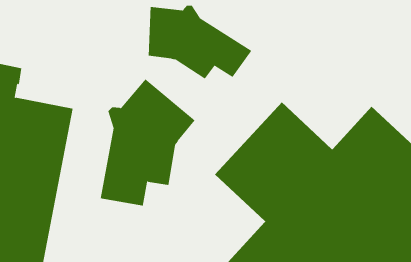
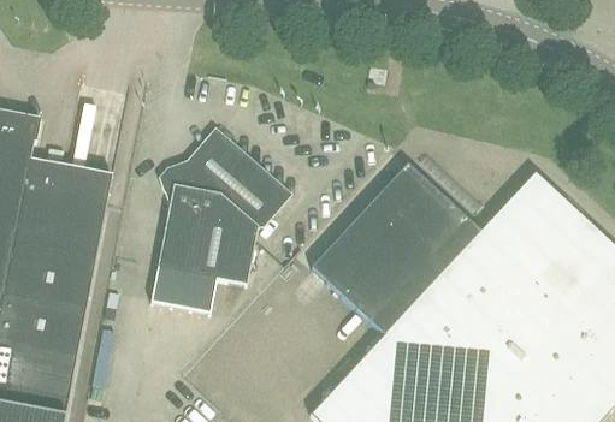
building: [148,5,252,79] -> none

